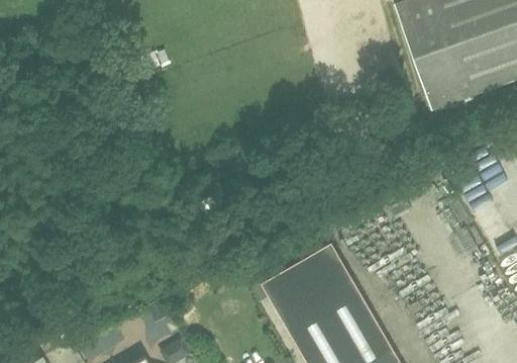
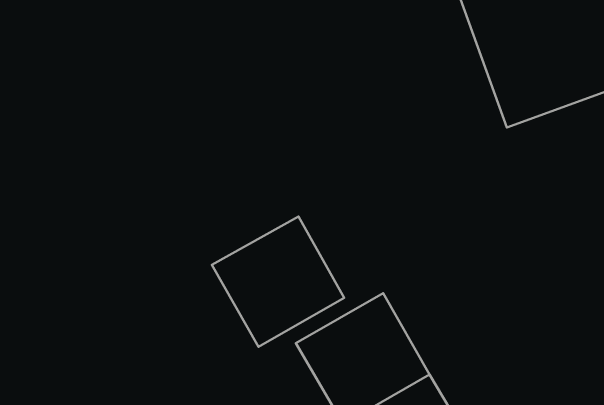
building: none -> [212,217,344,347]

